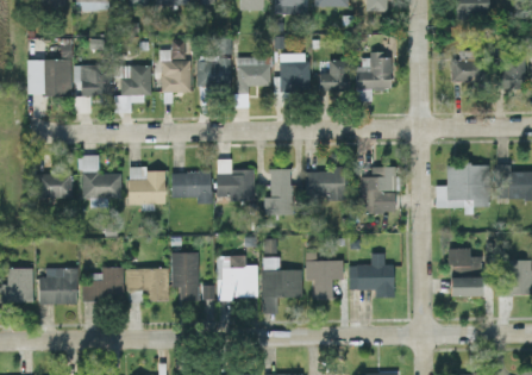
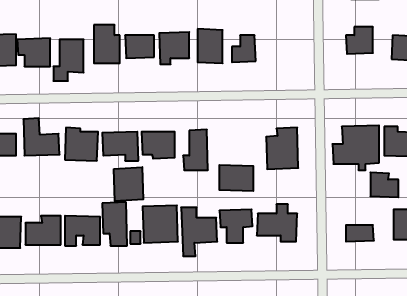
building: [355,55,392,101] -> none
building: [305,170,344,200] -> [219,165,253,191]
building: none -> [114,167,143,201]
building: [449,249,481,277] -> [370,172,398,197]

